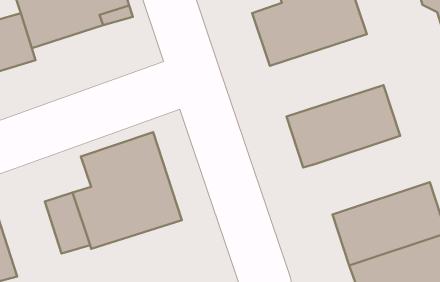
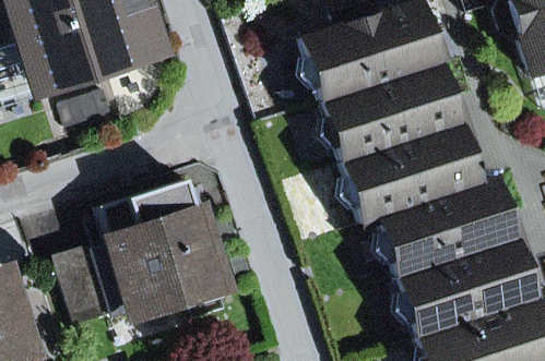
building: none -> [329,67,463,164]
building: none -> [383,181,518,279]

